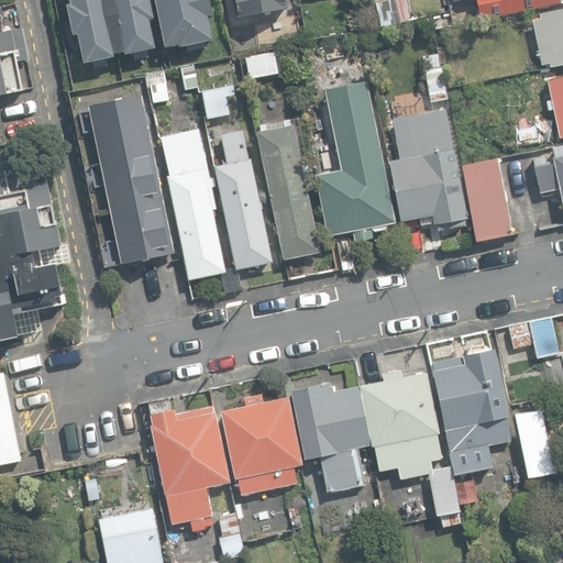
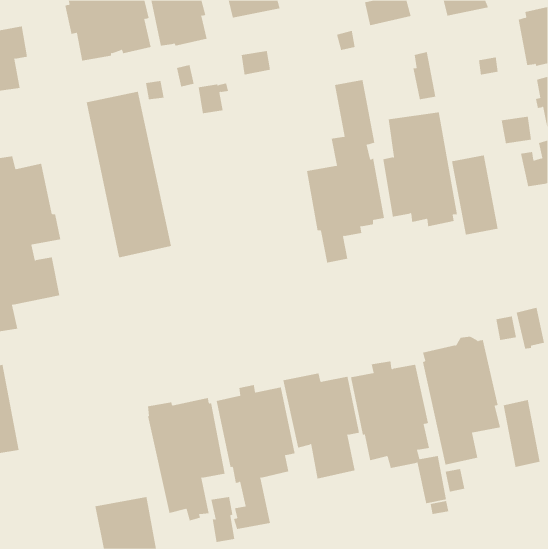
building: [255,122,321,260] -> none
building: [161,129,225,280] -> none
building: [213,131,272,268] -> none

